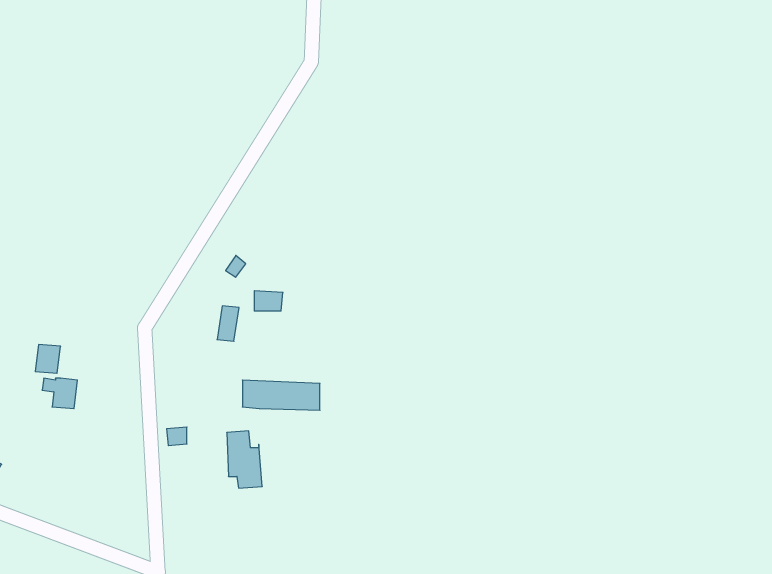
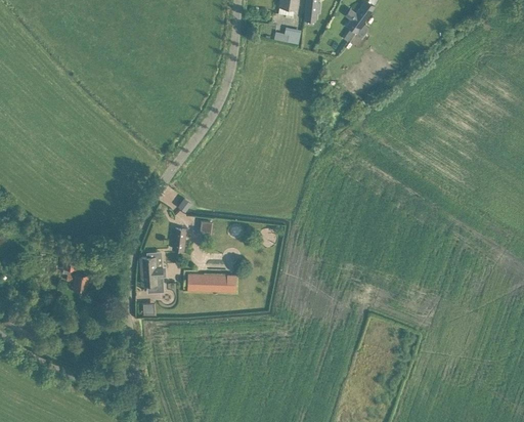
building: [227,431,262,488] -> [141,257,163,292]

